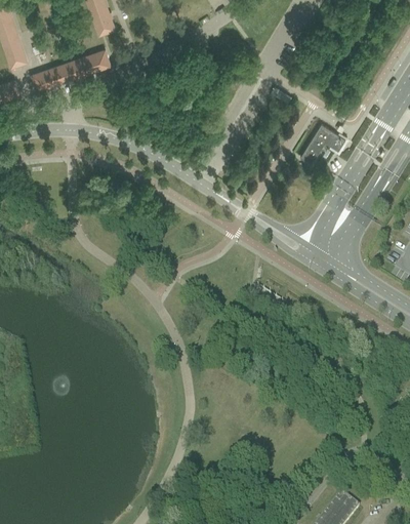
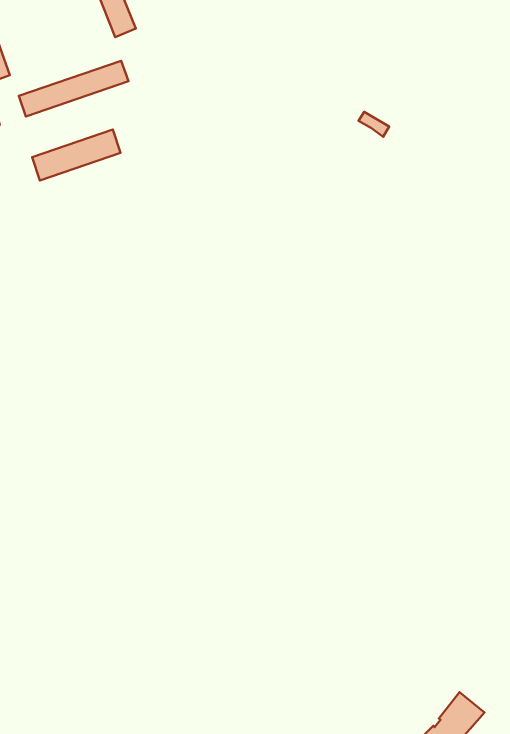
building: none -> [32,129,121,181]
building: [299,123,344,163] -> none

